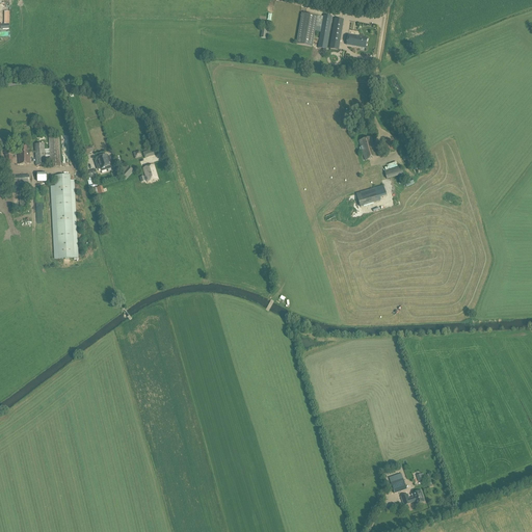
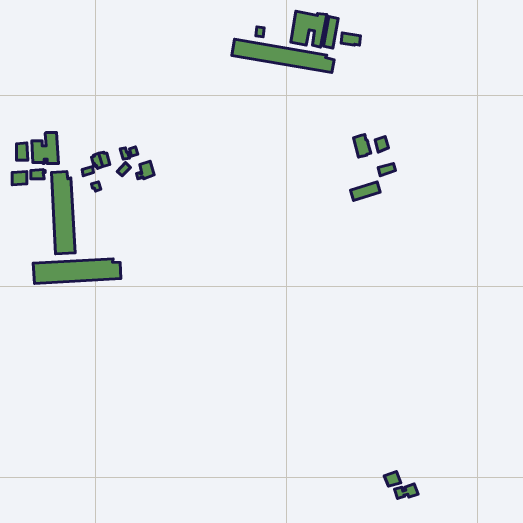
building: none -> [232,39,334,73]
building: none -> [33,259,121,283]

